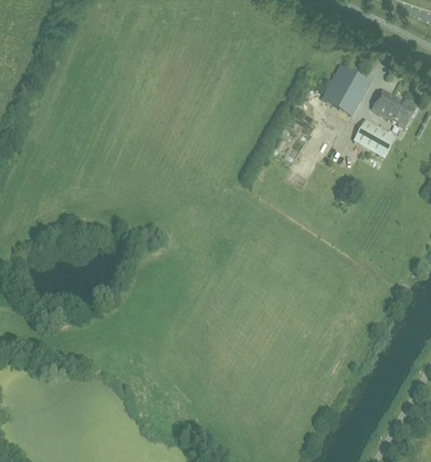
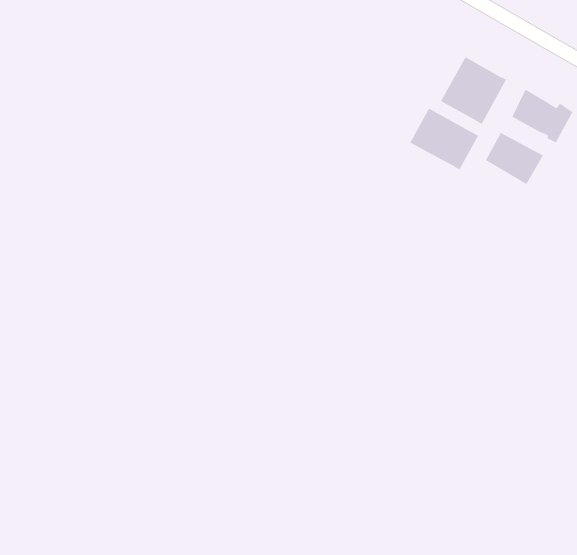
building: none -> [409,108,479,170]

